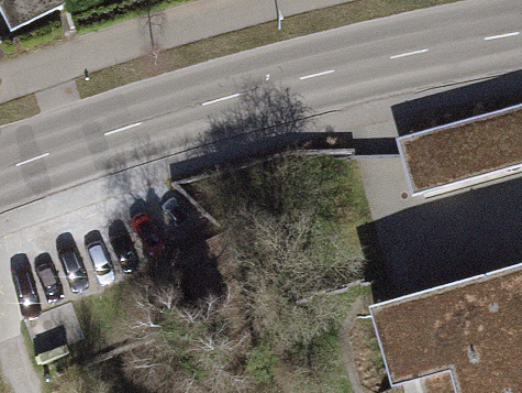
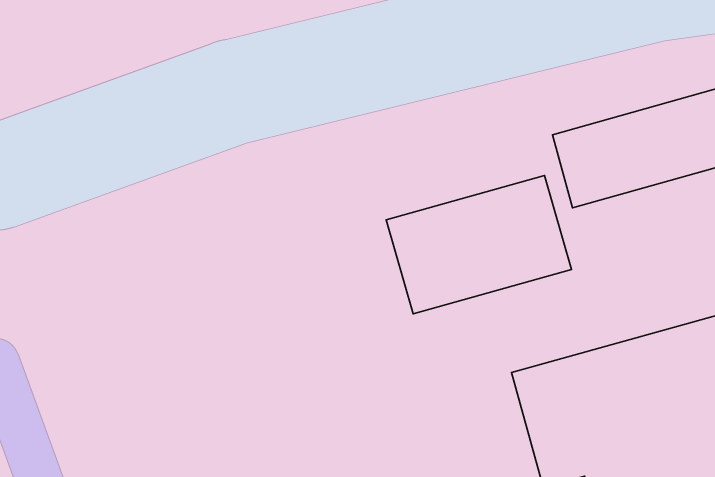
building: none -> [386,175,572,314]

